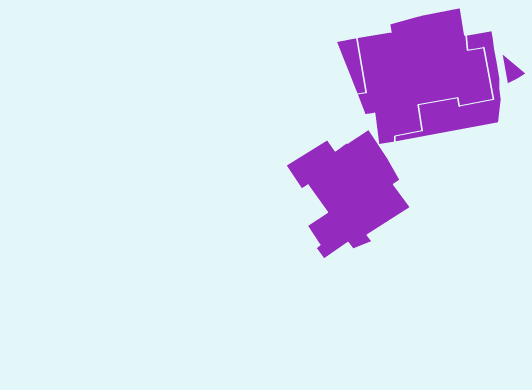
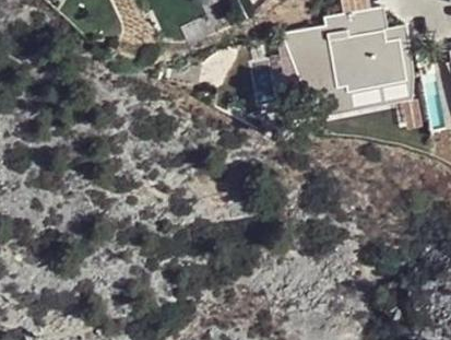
building: [286,129,410,259] -> none

